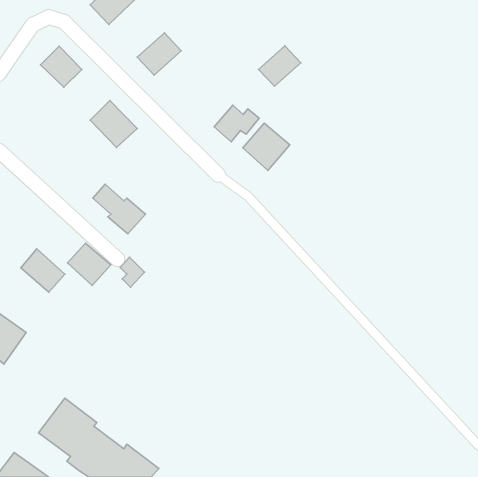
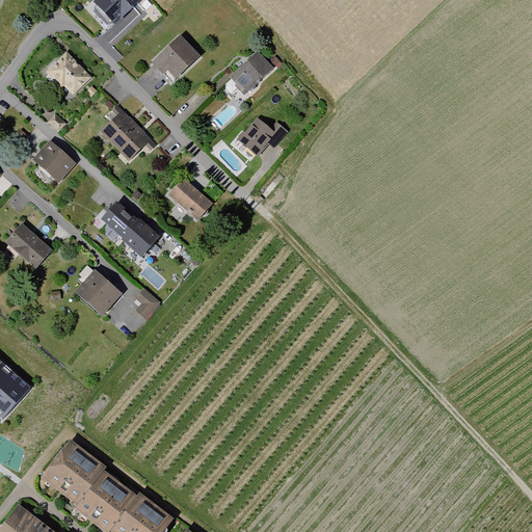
building: [258,46,301,86] -> [229,51,275,96]
building: [243,123,290,170] -> none
building: none -> [31,140,75,183]
building: none -> [169,179,213,221]
building: [21,249,65,292] -> [4,221,53,269]

